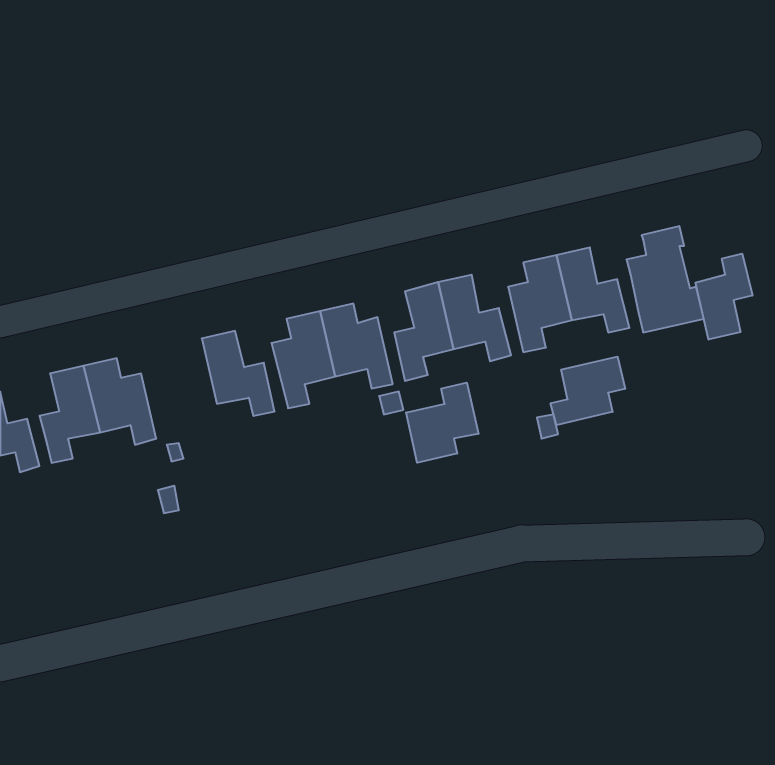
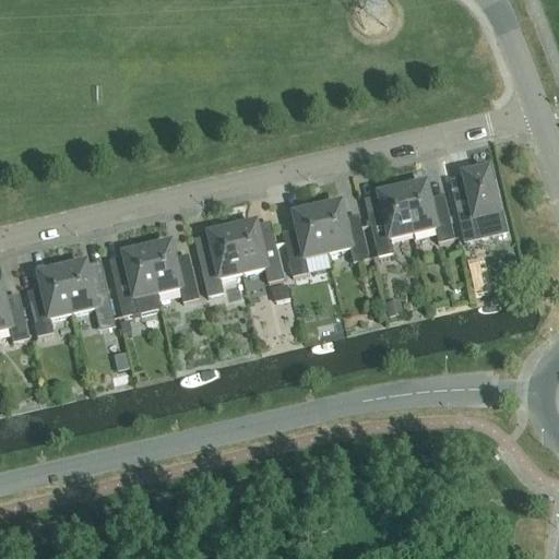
building: [695,254,752,340] -> none
building: none -> [111,243,159,313]
building: [551,357,625,425] -> none
building: [406,383,478,463] -> none

